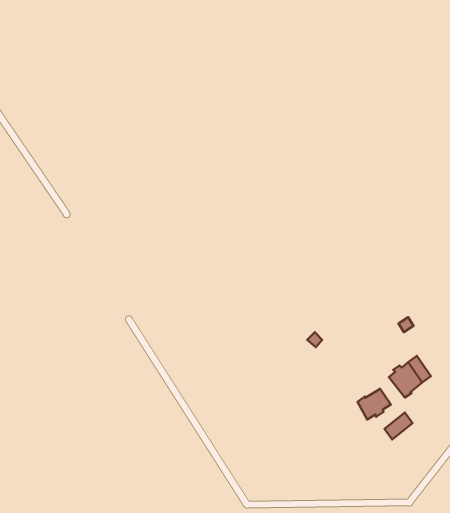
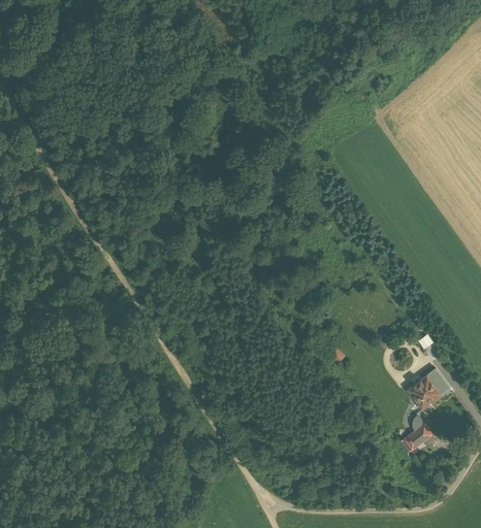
building: [358,389,391,419] -> none

